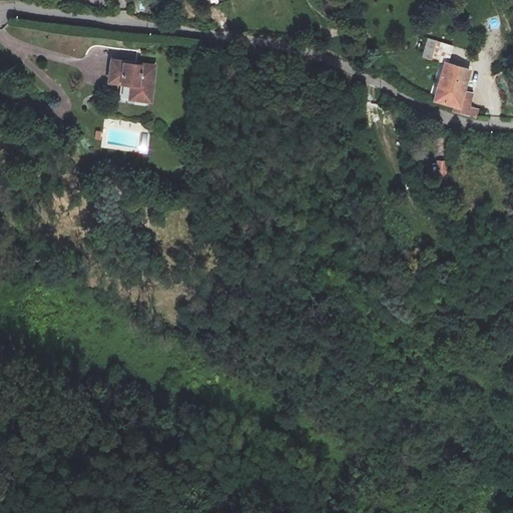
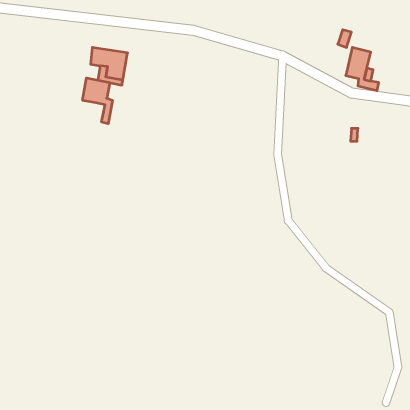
building: none -> [83,78,112,124]

